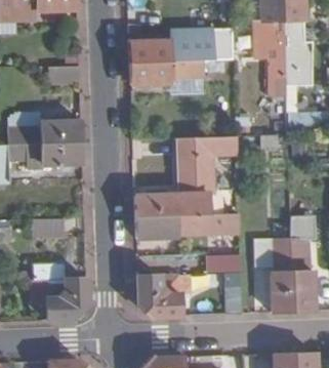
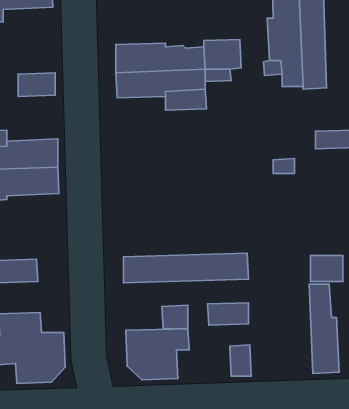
building: [135,136,237,216] -> none
building: [255,239,293,314] -> none

